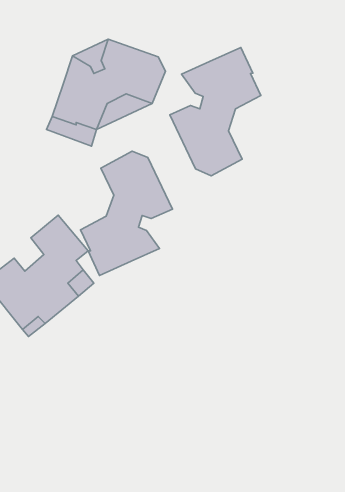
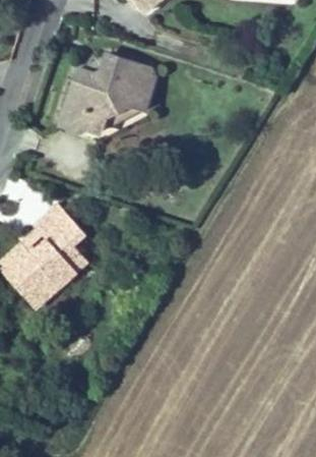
building: [170,48,261,176] -> none
building: [81,151,172,275] -> none

